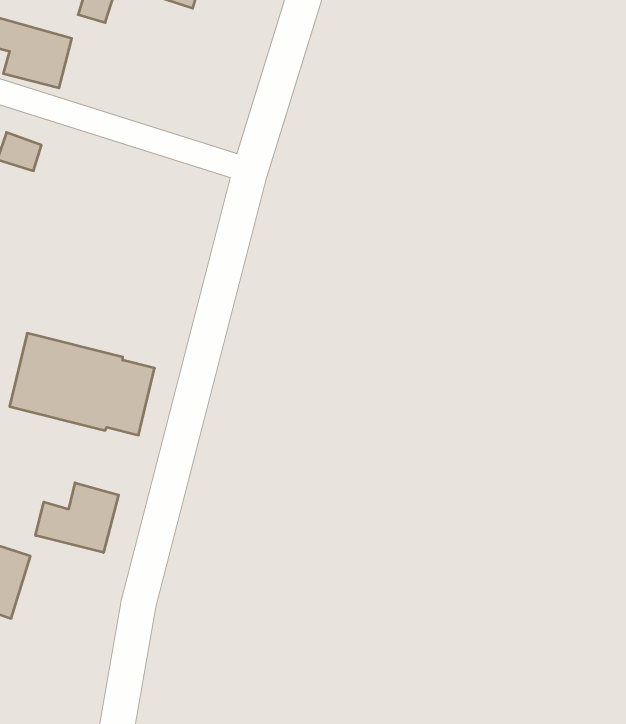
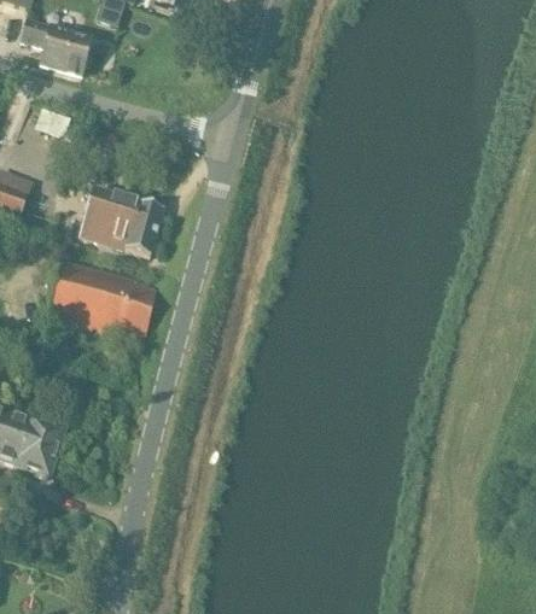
building: none -> [80,188,163,255]
building: [36,483,119,553] -> none

